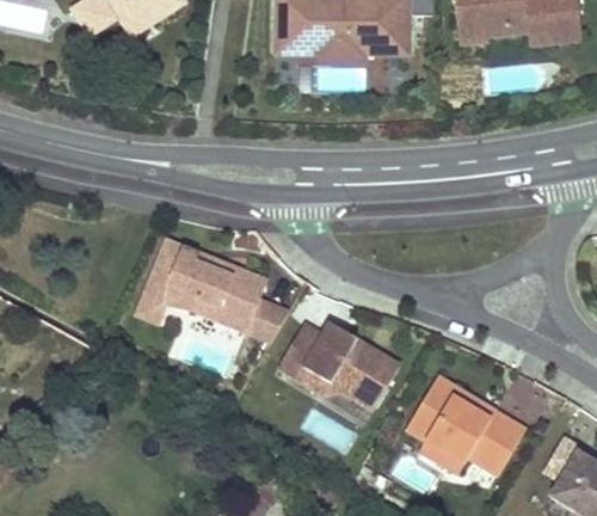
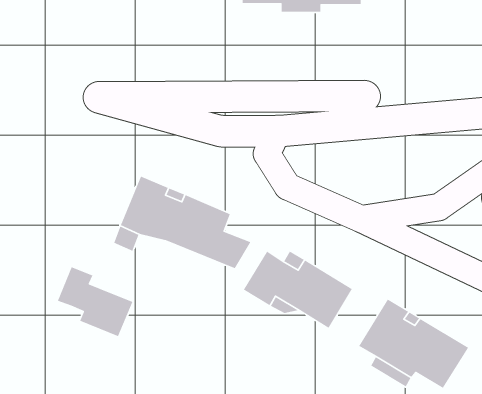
building: none -> [57,266,134,337]

